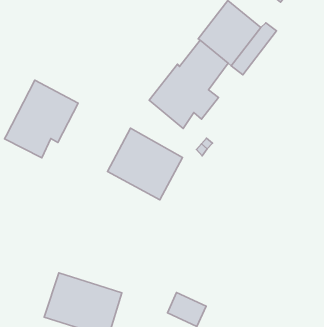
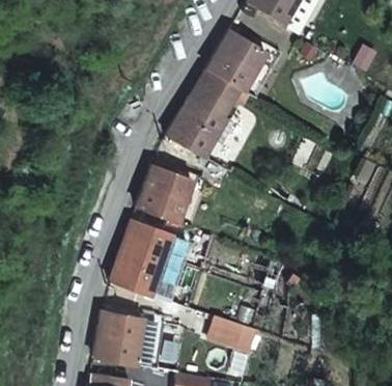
building: [5,80,78,158] -> [109,221,175,295]

